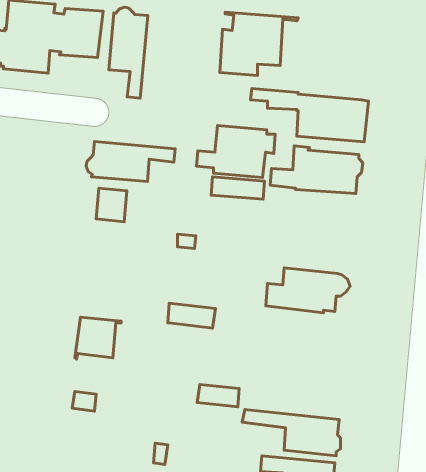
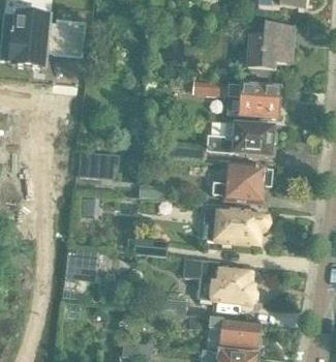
building: [109,7,148,98] -> none
building: [220,12,298,75] -> [247,22,305,68]
building: [197,126,275,178] -> [213,164,271,203]
building: [86,141,175,181] -> none
building: none -> [185,259,256,303]

